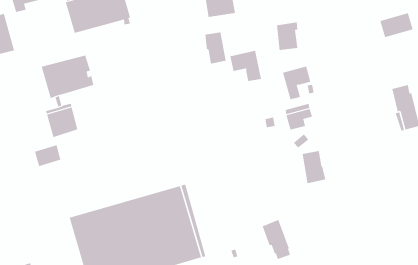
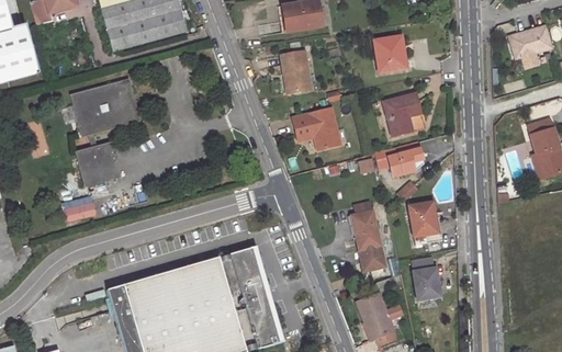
building: [230,50,262,82] -> [293,110,335,150]
building: none -> [353,212,385,271]
building: none -> [412,258,439,300]

